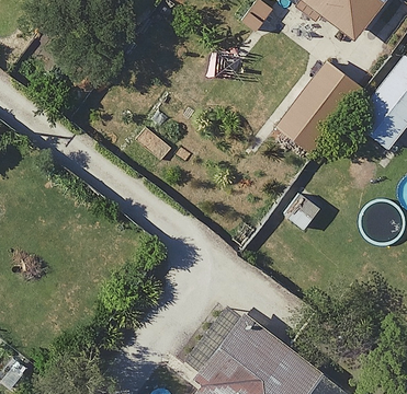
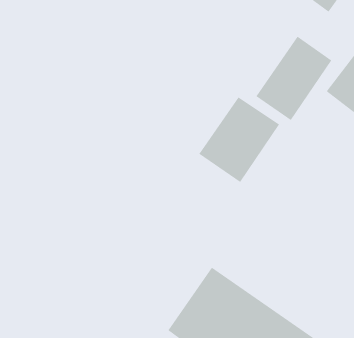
building: none -> [198,96,280,183]

